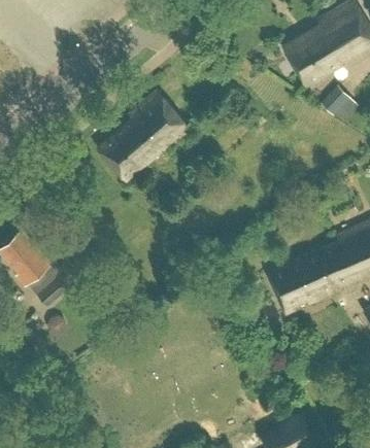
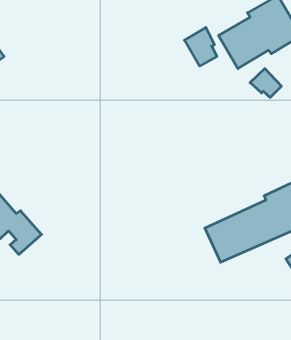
building: none -> [184,27,217,66]
building: [97,92,191,182] -> none

